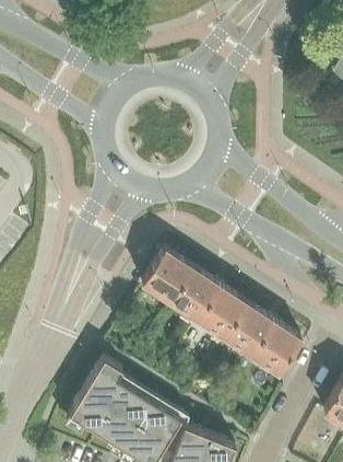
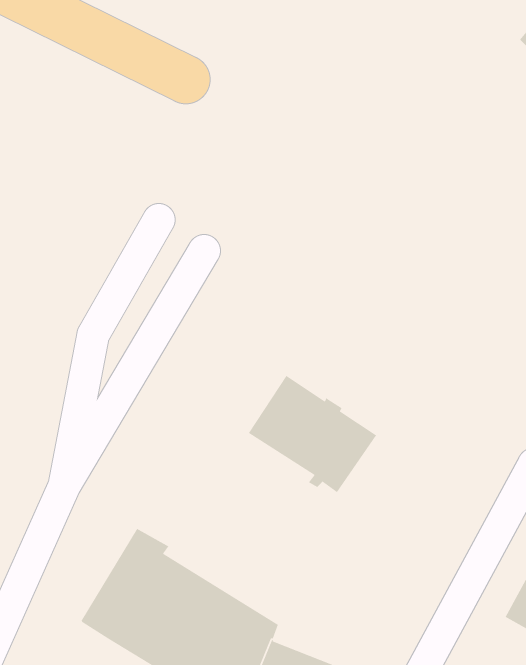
building: [142,249,191,301] -> none
building: [222,302,300,373] -> none

